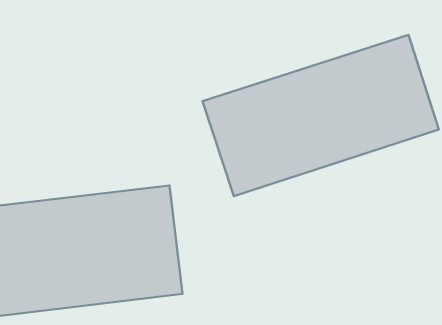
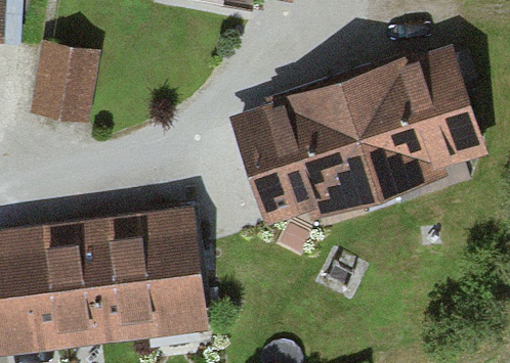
building: none -> [29,39,99,123]

